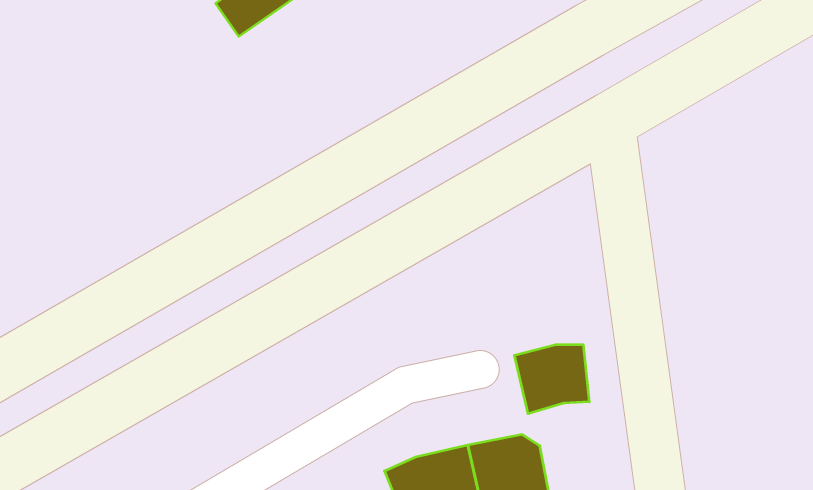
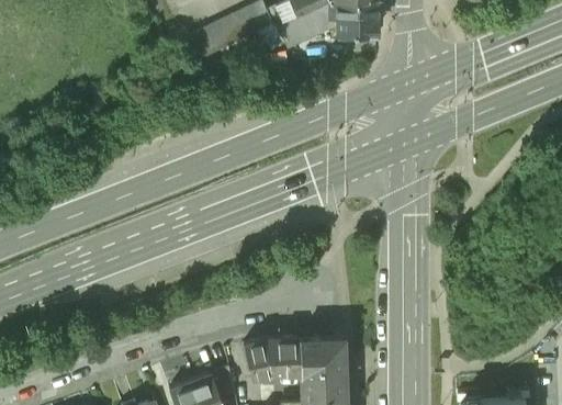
building: [514,345,589,414] -> none

